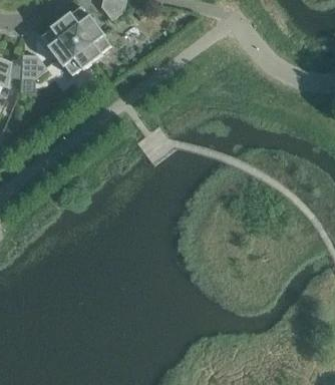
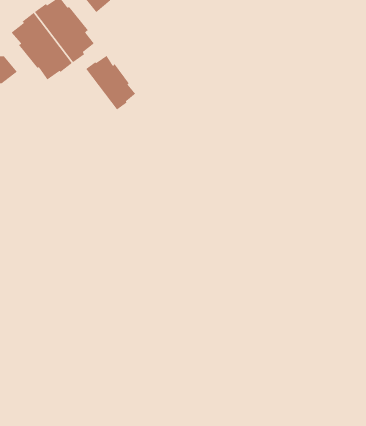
building: none -> [85,55,136,110]

